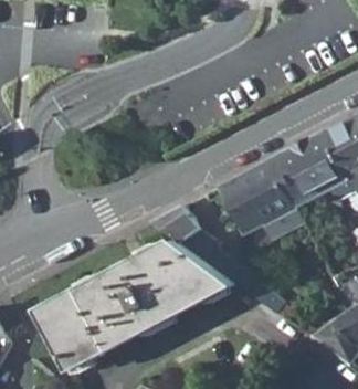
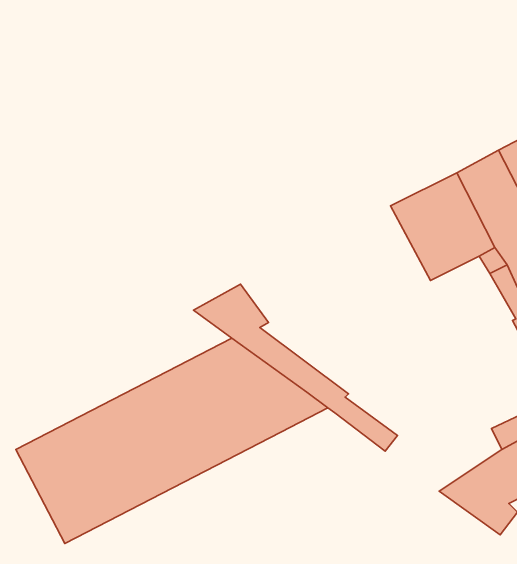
building: [218,160,301,240] -> none

